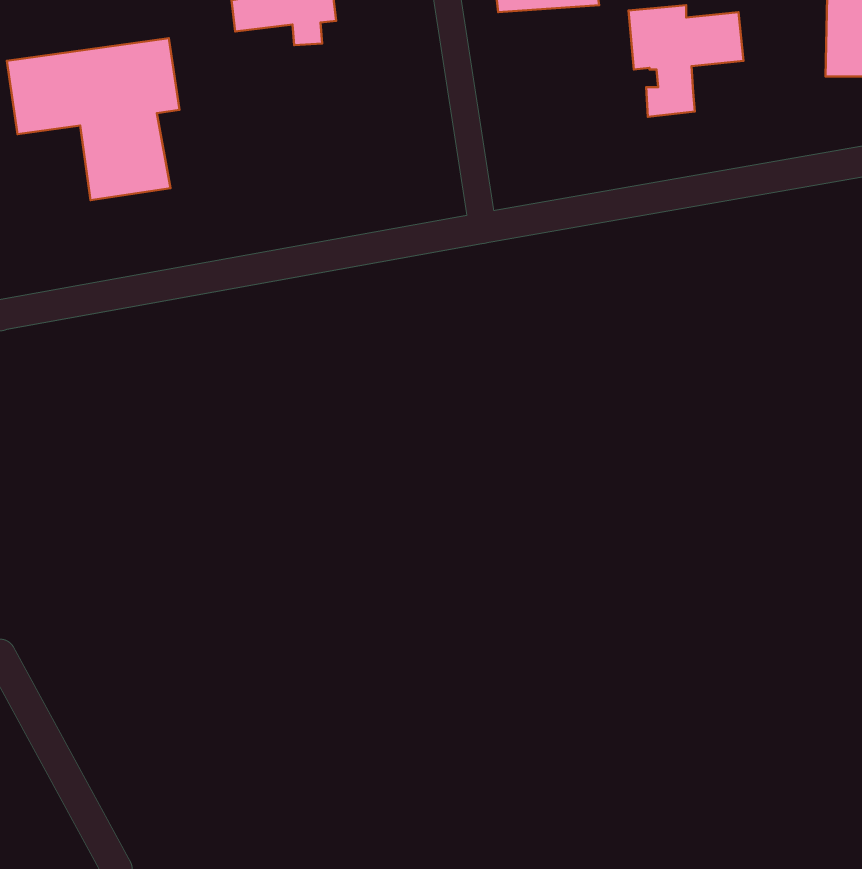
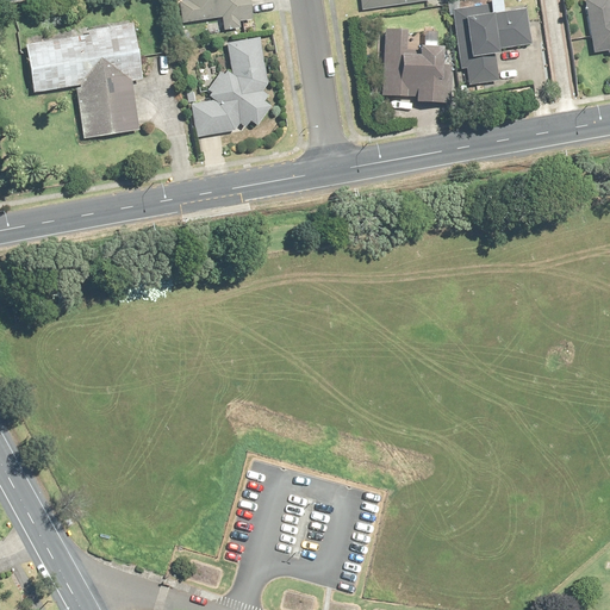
building: none -> [376,26,446,102]
building: none -> [188,36,267,135]

